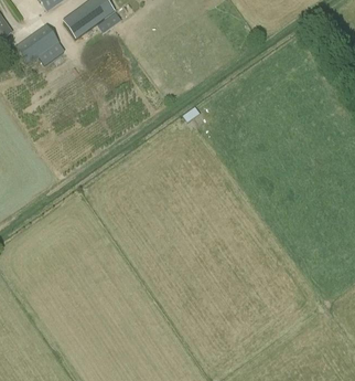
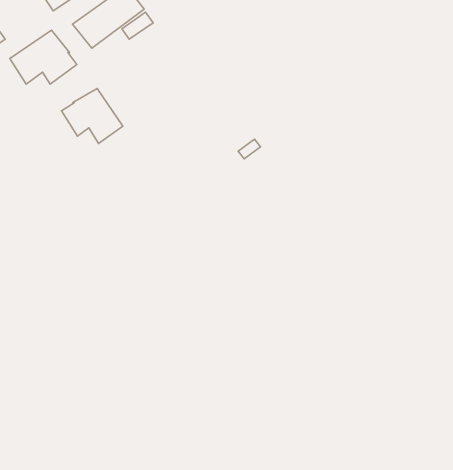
building: none -> [61,88,123,143]

